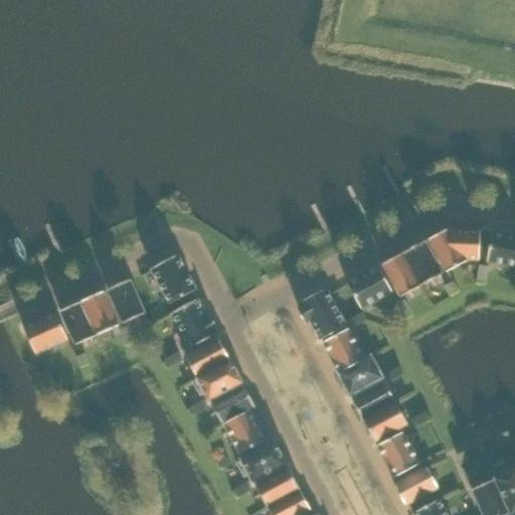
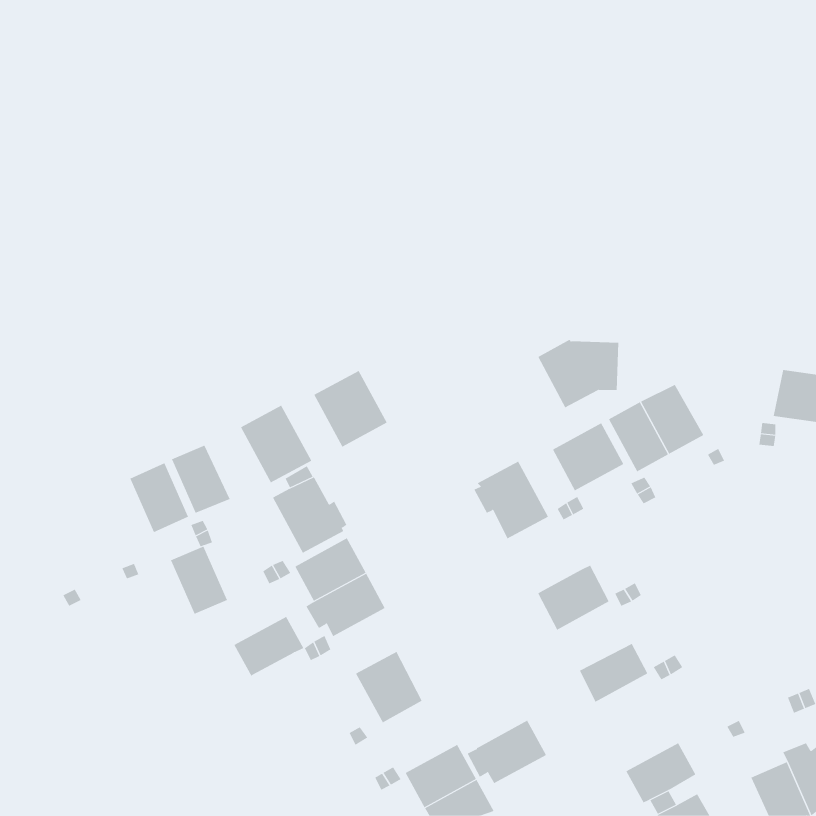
building: [430,228,481,272] -> [537,339,619,408]
building: none -> [314,370,387,447]
building: [61,301,98,344] -> [170,546,228,615]
building: [24,312,69,354] -> none
building: [324,328,366,372] -> none
building: [353,382,398,421] -> none
building: [212,386,256,424] -> [234,616,304,677]
building: [377,432,420,478] -> none
building: [236,442,287,482] -> [467,720,547,784]

